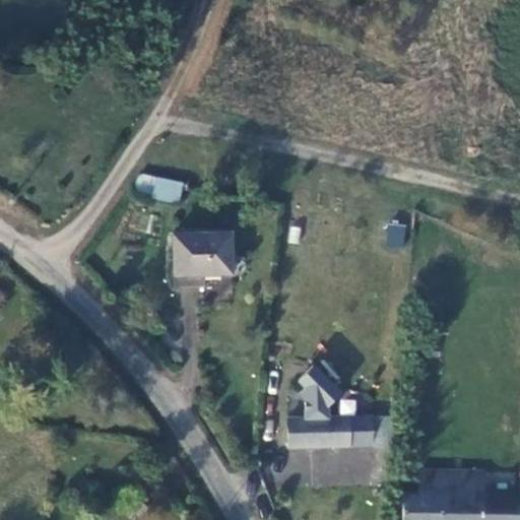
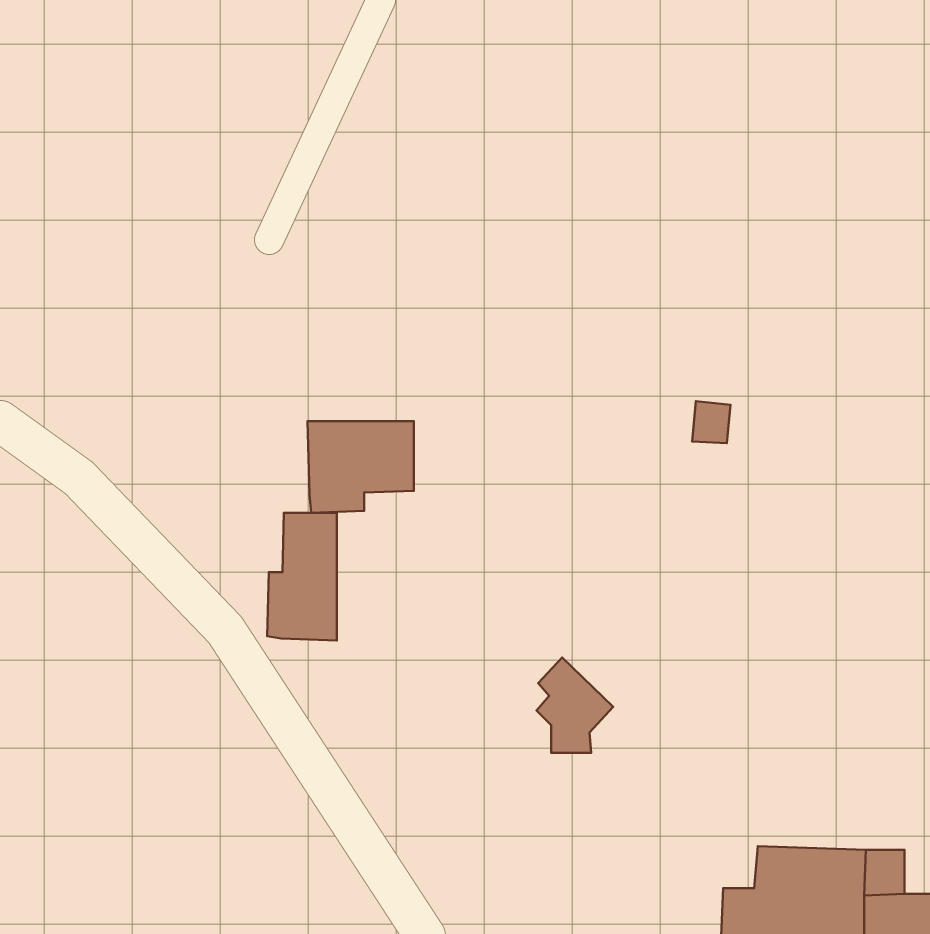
building: [130,173,182,204] -> none
building: none -> [267,513,337,641]
building: [290,416,375,447] -> none

